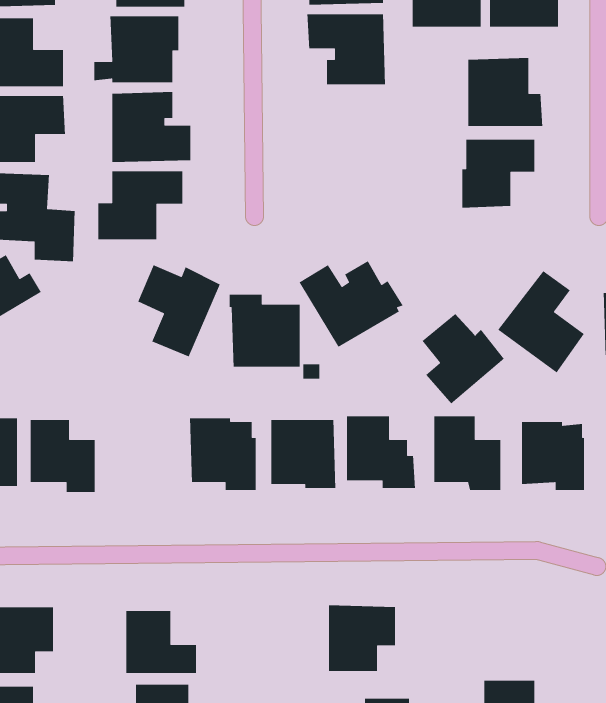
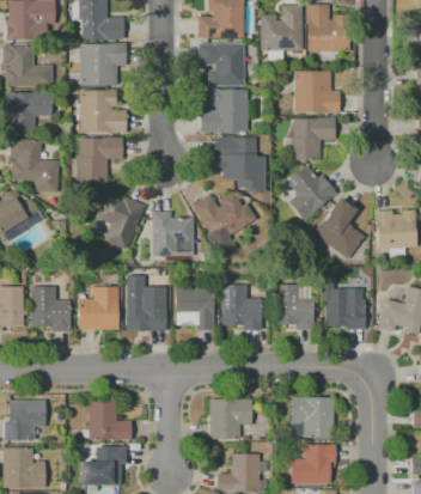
building: none -> [201,90,248,132]
building: none -> [214,136,260,178]
building: [421,313,505,405] -> [286,165,336,220]
building: none -> [79,287,120,329]
building: none -> [291,397,335,439]

